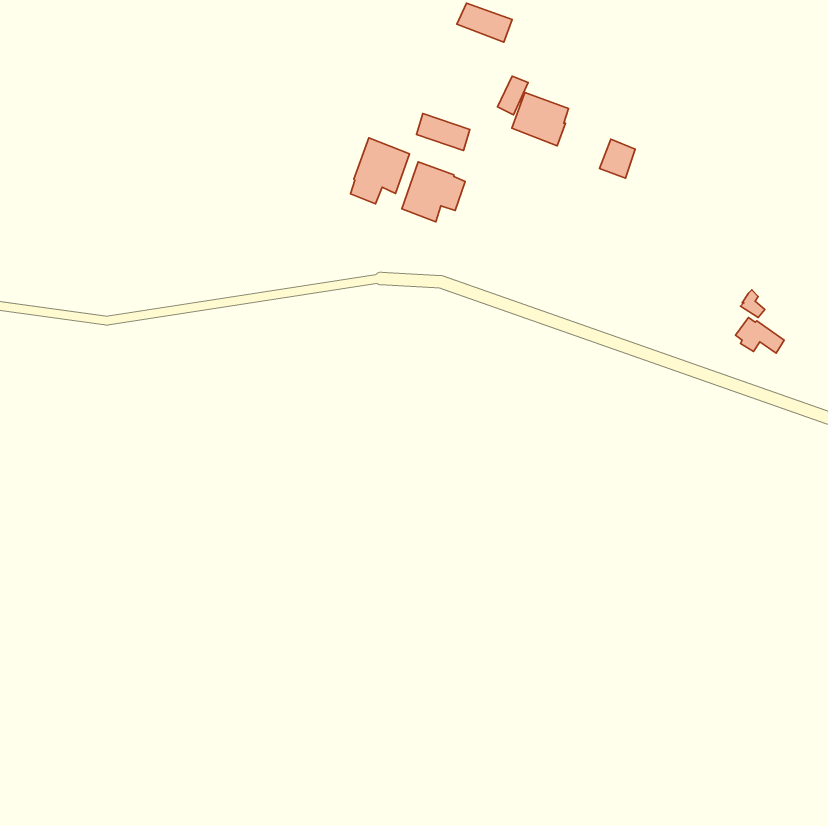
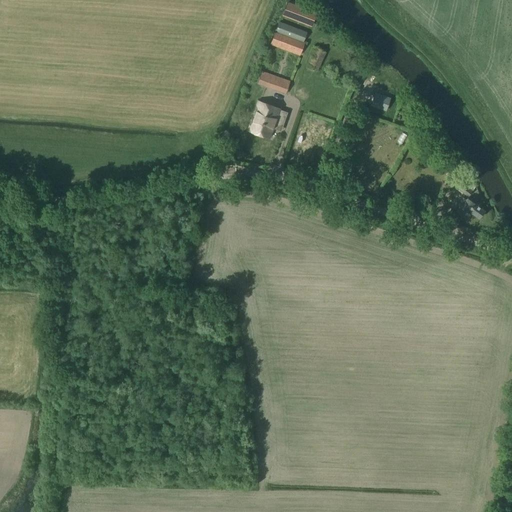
building: [512,92,569,146] -> [271,22,306,55]
building: [351,138,409,204] -> none

